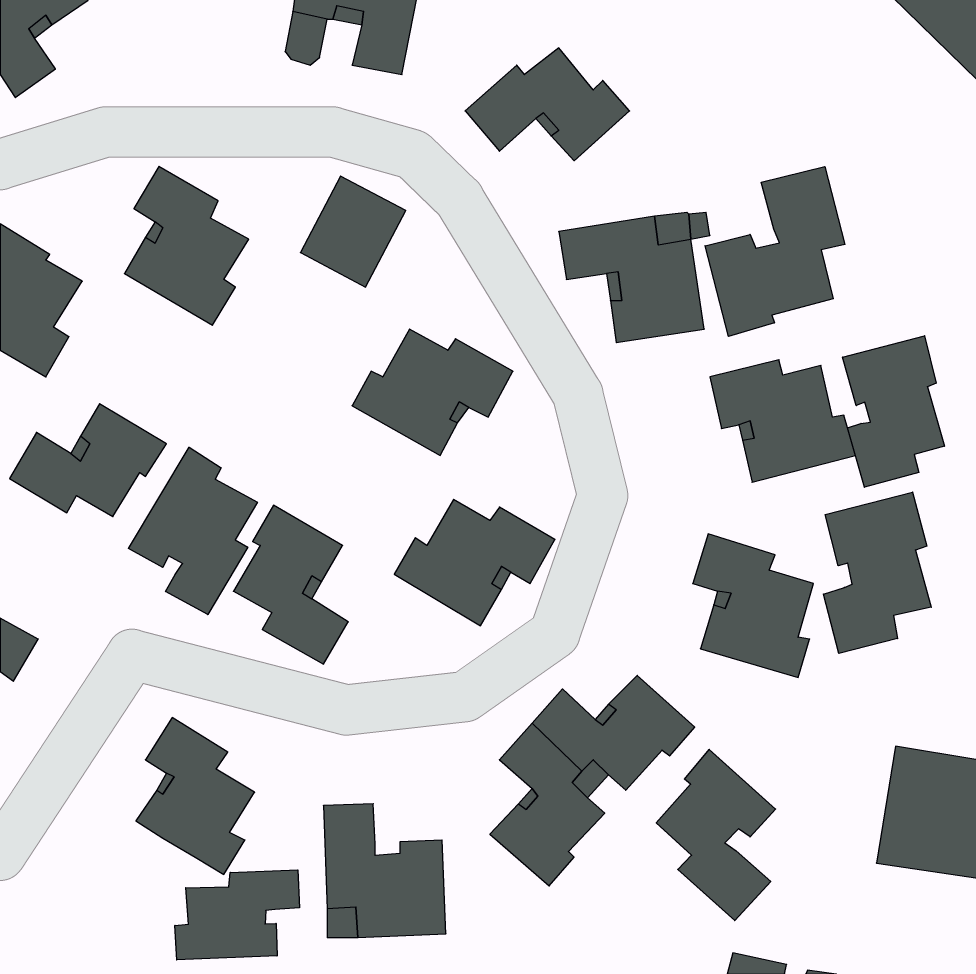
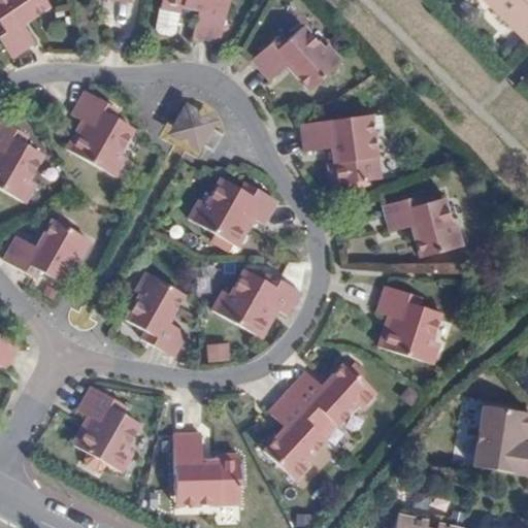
building: [705,167,845,336] -> none
building: [843,336,944,487] -> none
building: [128,447,257,615] -> none
building: [823,492,931,653] -> none
building: [656,749,776,921] -> none
building: [175,870,299,960] -> none

